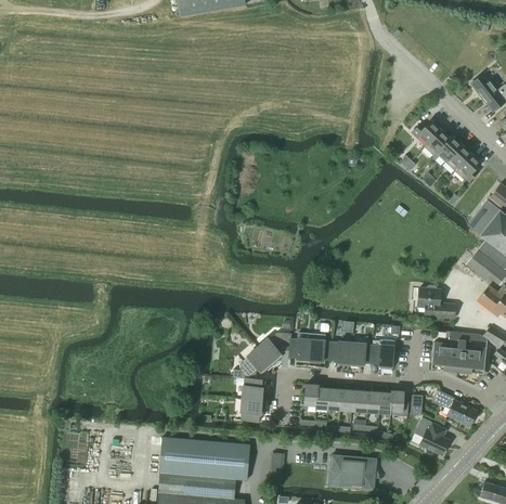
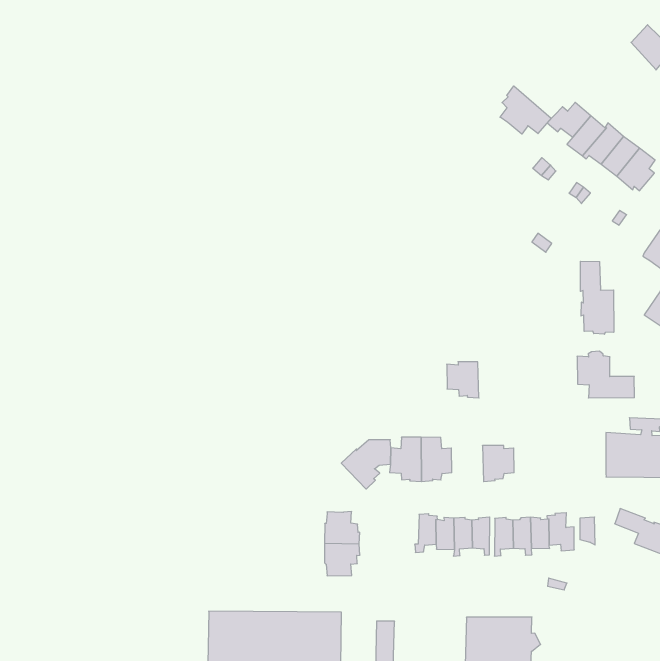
building: none -> [500,86,551,134]
building: none -> [580,261,614,334]
building: [372,339,395,369] -> none
building: [330,340,352,365] -> [447,362,479,398]
building: [233,346,273,378] -> none
building: [415,417,450,454] -> none

